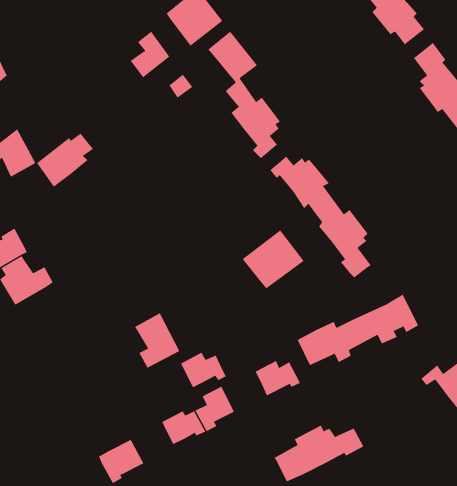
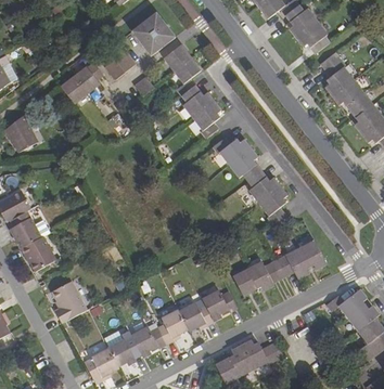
building: [36,133,94,188] -> [64,61,107,102]
building: [242,229,304,289] -> none
building: none -> [21,236,56,271]
building: [134,312,180,369] -> [51,281,86,323]
building: [180,352,226,388] -> [178,303,213,330]
building: none -> [107,339,140,366]

